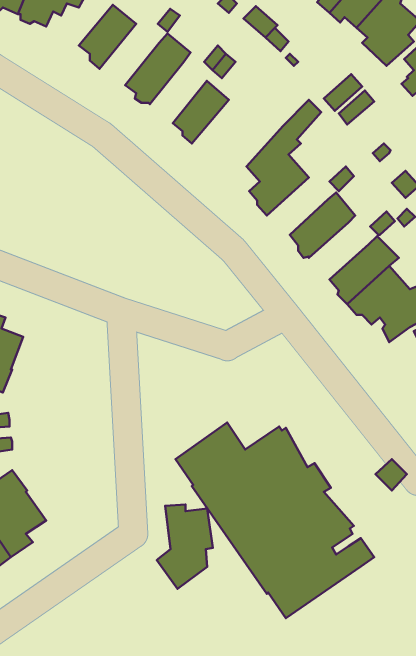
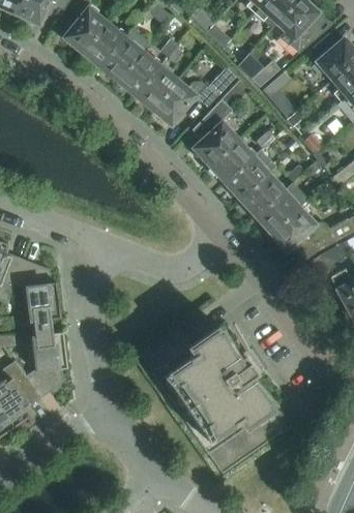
building: none -> [80,21,125,67]
building: none -> [118,50,161,96]
building: none -> [150,66,236,124]
building: none -> [207,138,254,181]
building: none -> [239,172,285,215]
building: none -> [12,259,59,321]
building: [157,504,213,589] -> [24,334,66,398]

